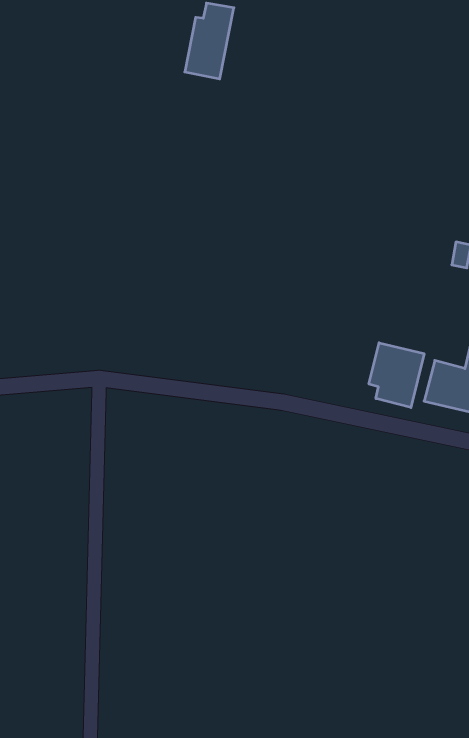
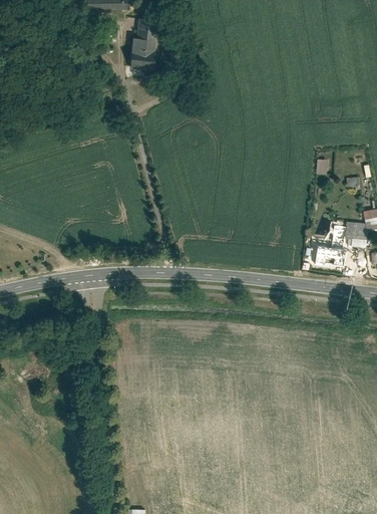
building: [369,343,424,408] -> none

